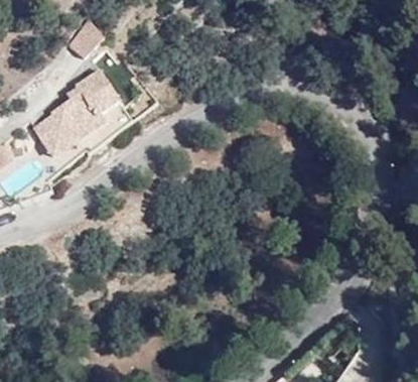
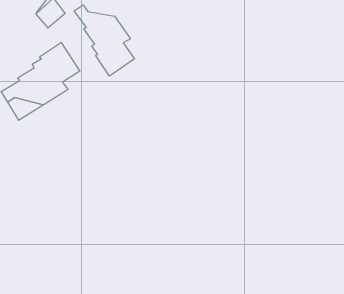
building: none -> [74,5,134,76]

